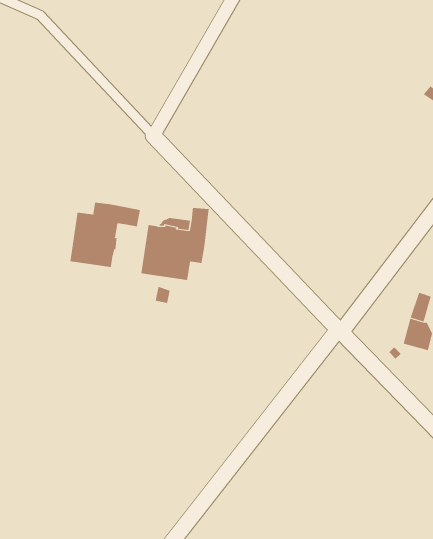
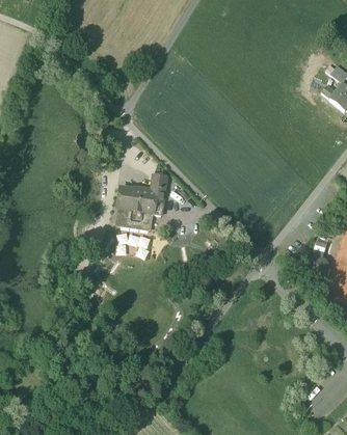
building: [70,202,141,268] -> none

